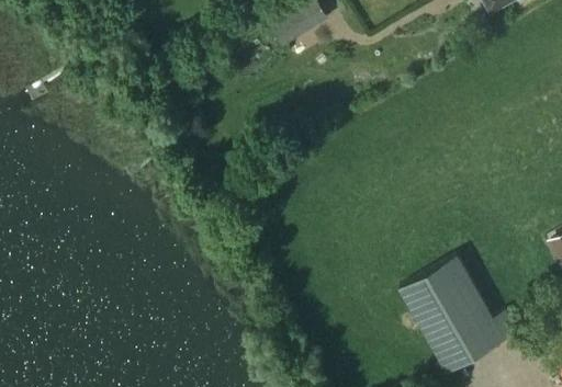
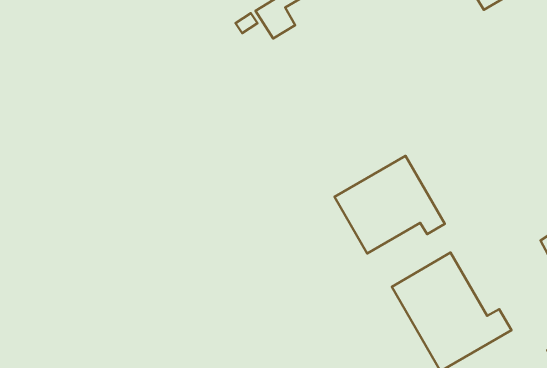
building: none -> [335,156,445,253]

